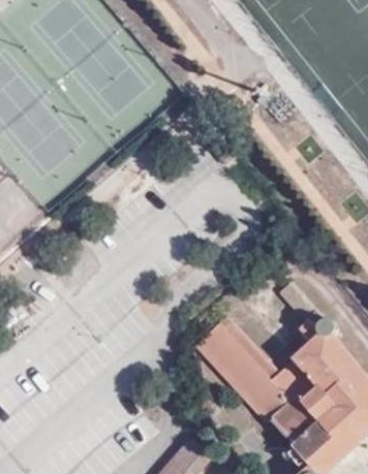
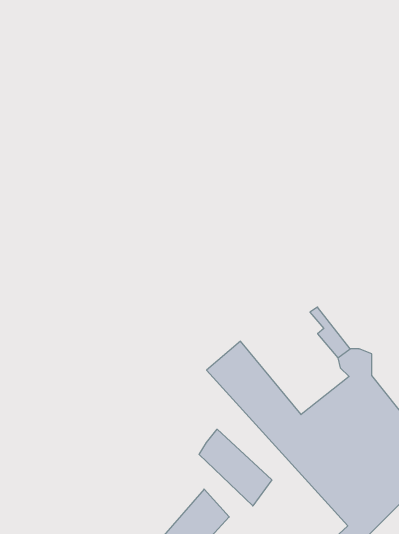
building: none -> [199,429,272,506]

